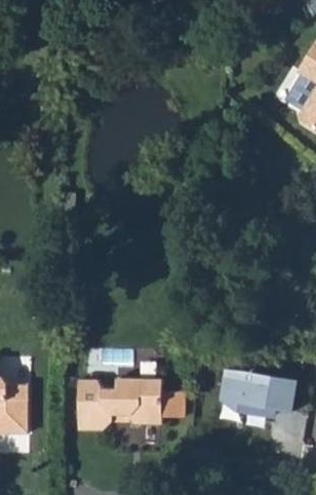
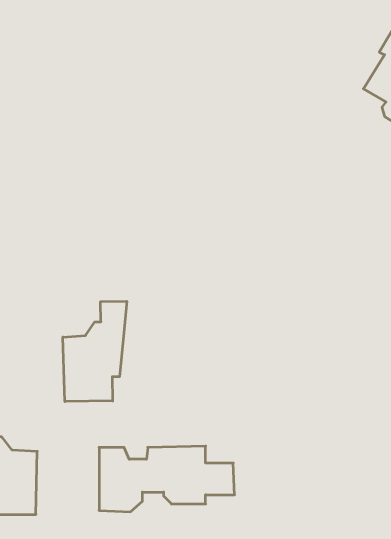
building: none -> [63,301,127,402]
building: [219,371,295,418] -> none

